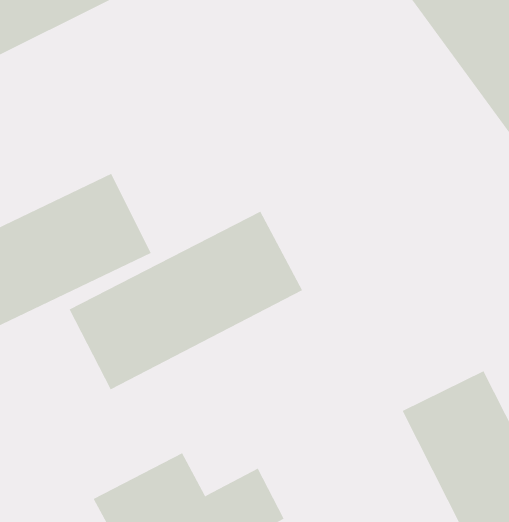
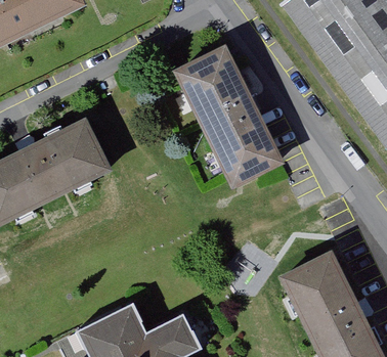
building: none -> [171,49,284,190]
building: [69,211,303,390] -> none

